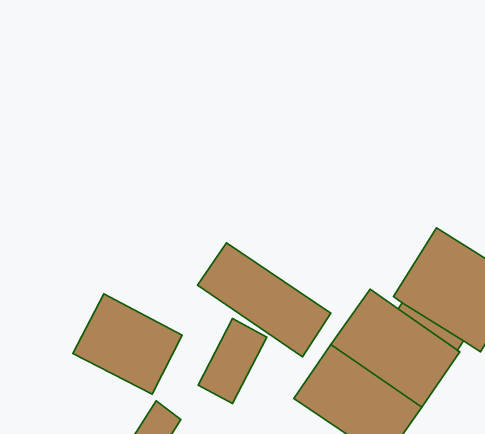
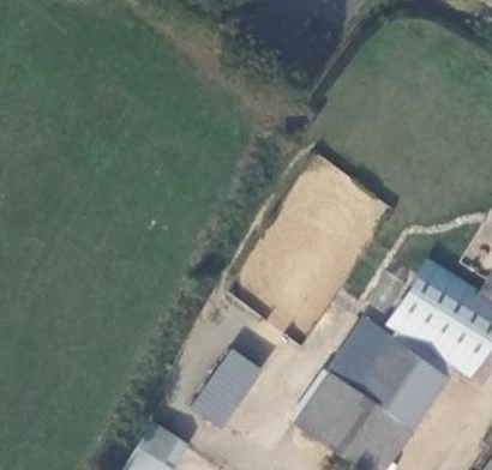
building: [198,243,331,357] -> none
building: [73,294,182,394] -> none

